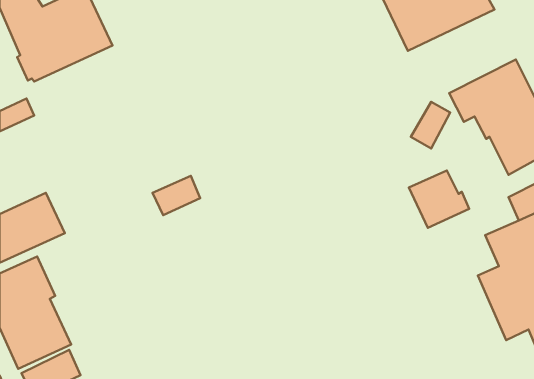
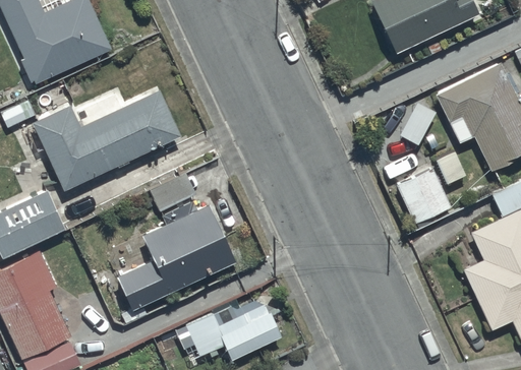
building: none -> [32,89,181,192]
building: none -> [116,202,234,310]
building: none -> [176,295,282,361]

